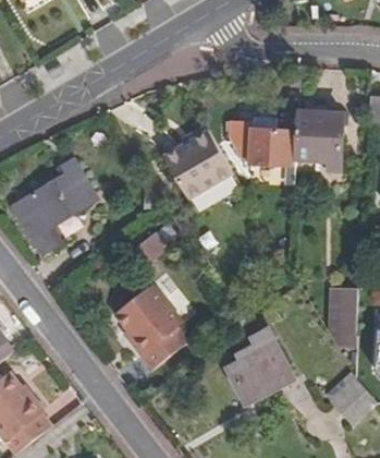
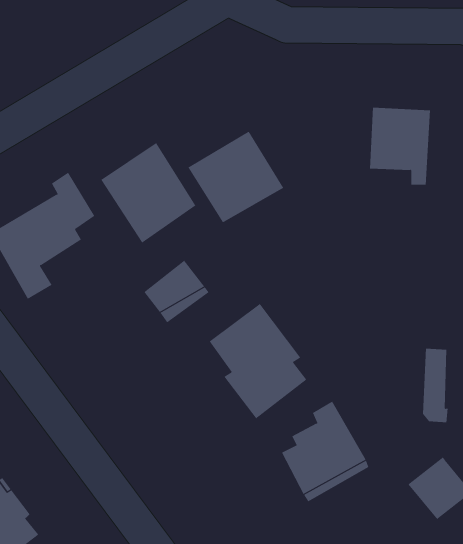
building: [229,123,294,195] -> none
building: none -> [100,142,196,244]
building: [117,284,189,370] -> [209,303,307,419]

